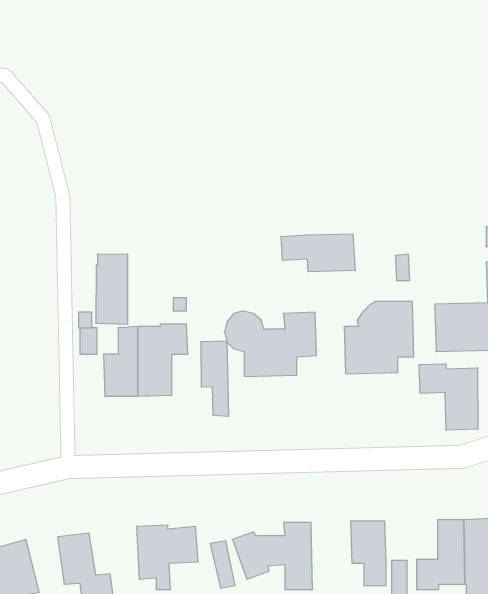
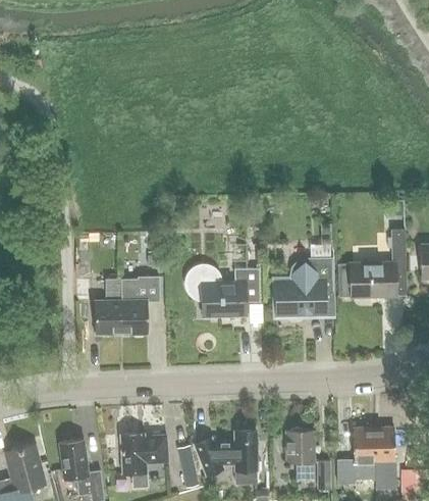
building: [281,234,355,272] -> none
building: [96,254,127,324] -> none
building: [201,341,229,417] -> none
building: [419,364,478,430] -> none

